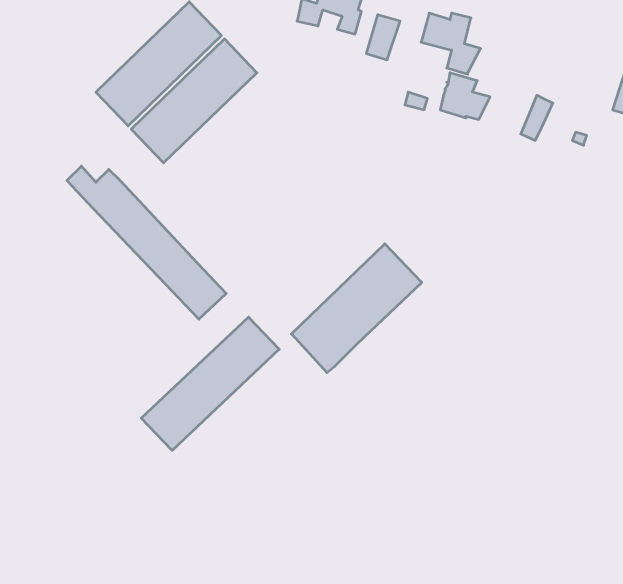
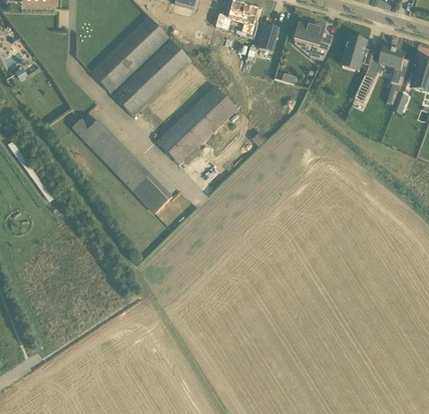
building: none -> [380,47,411,87]
building: [440,73,490,119] -> [345,36,376,65]
building: [291,244,422,373] -> [156,85,238,165]
building: [141,317,279,450] -> none

